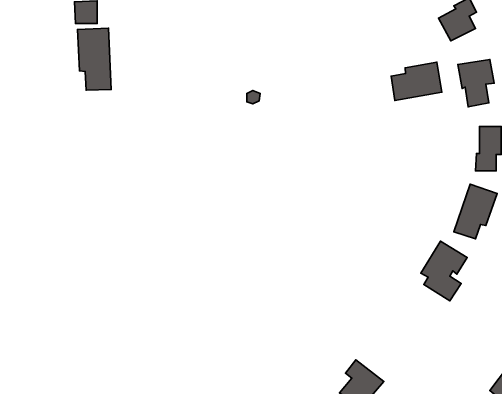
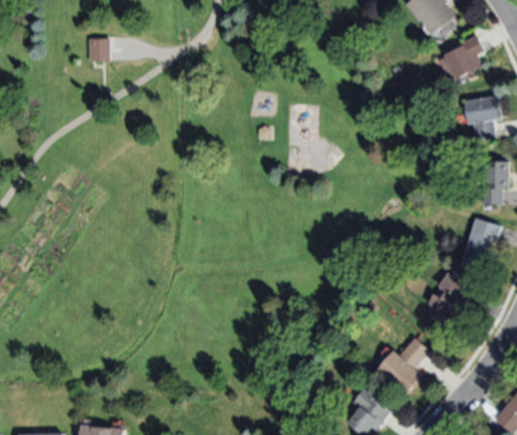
building: [77,28,111,90] -> none
building: [391,62,442,100] -> none
building: none -> [377,338,429,395]

